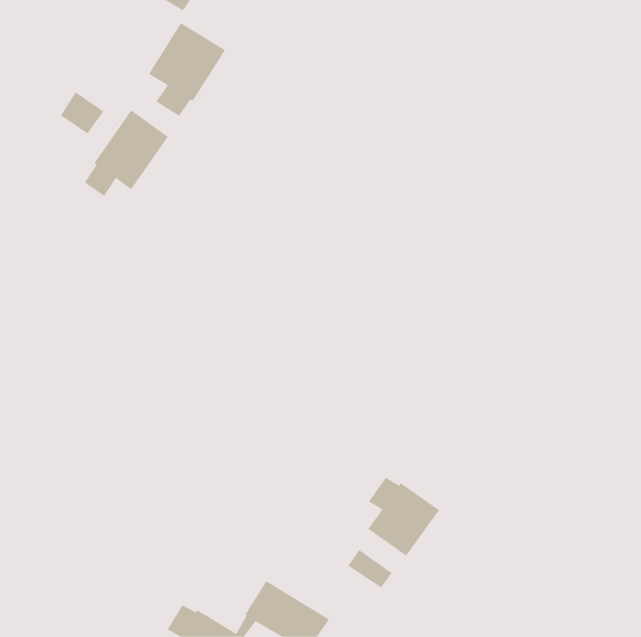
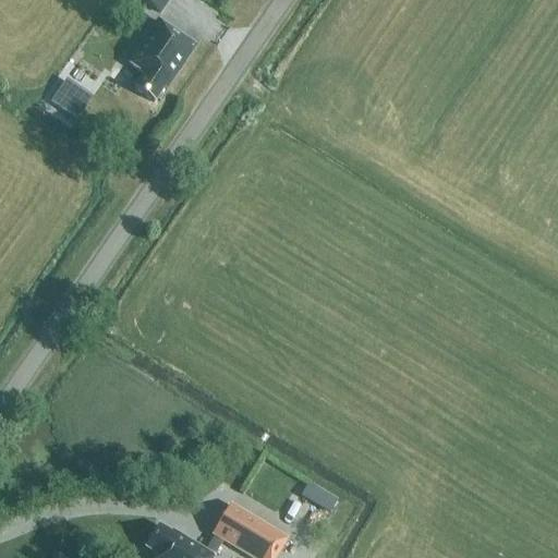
building: [84,109,169,197] -> none
building: [367,477,440,556] -> none

